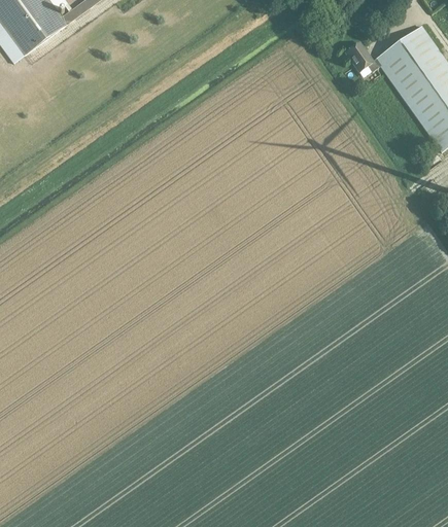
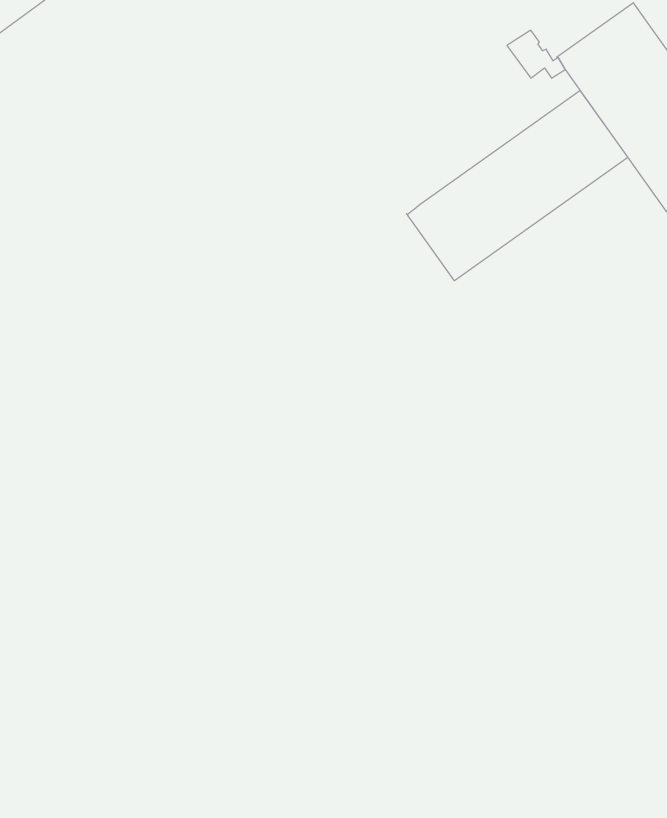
building: none -> [407,90,628,281]

